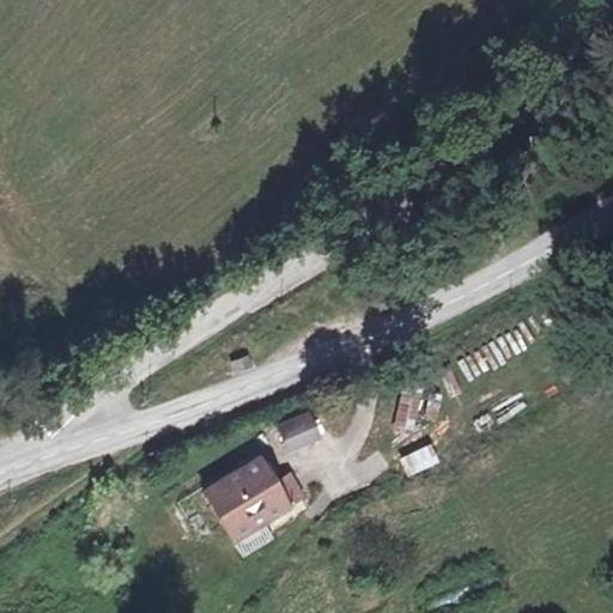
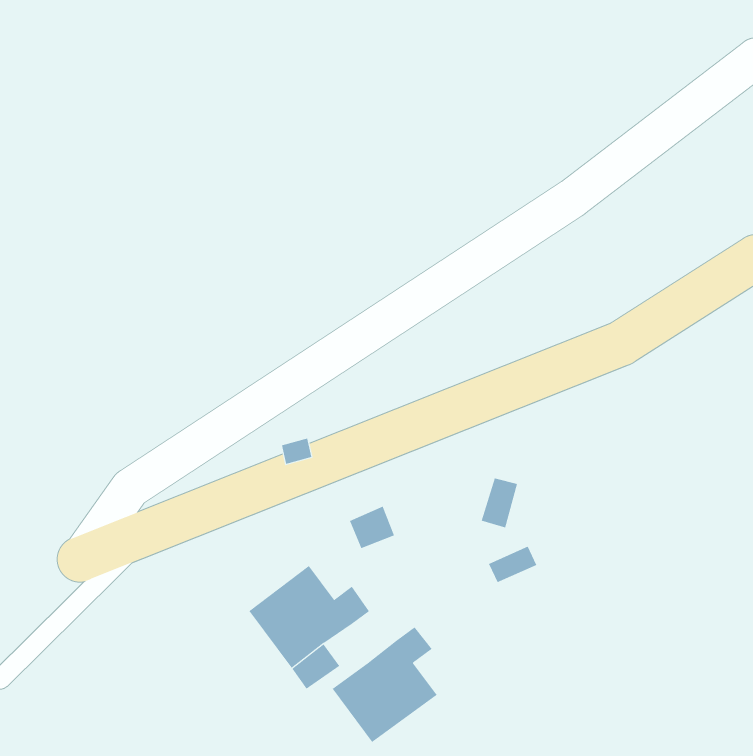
building: none -> [332,626,437,743]

